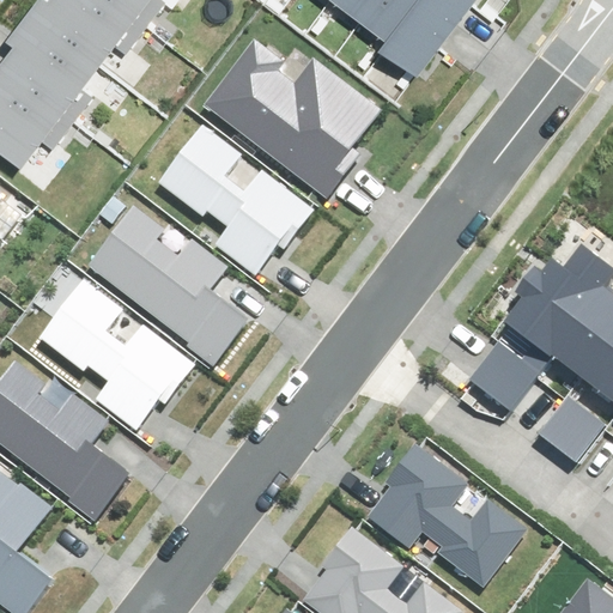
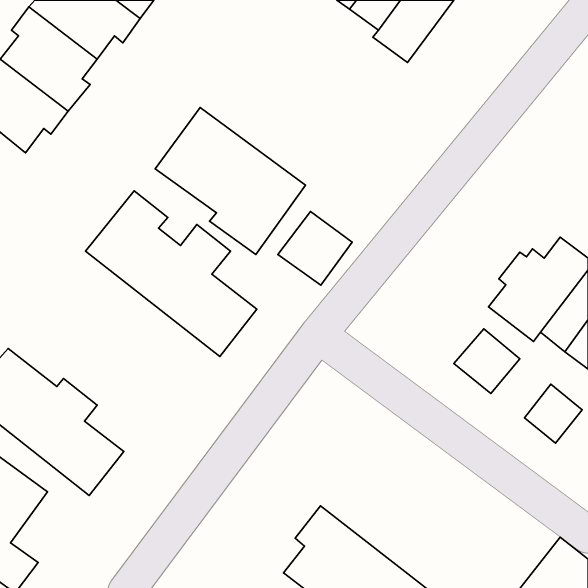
building: [212,40,375,192] -> none
building: none -> [278,211,352,285]
building: [34,274,199,432] -> none
building: [360,439,512,581] -> none

